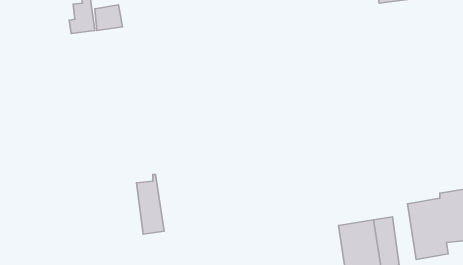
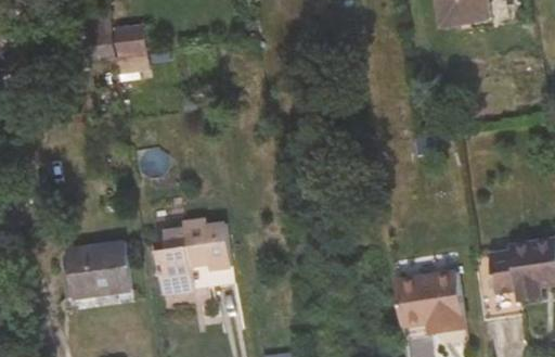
building: none -> [188,217,235,285]
building: none -> [69,242,133,295]

